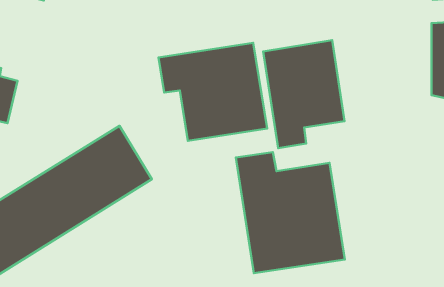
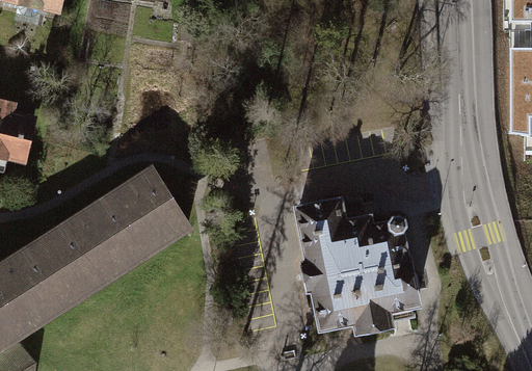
building: [263,40,345,148] -> none
building: [158,43,267,141] -> none

